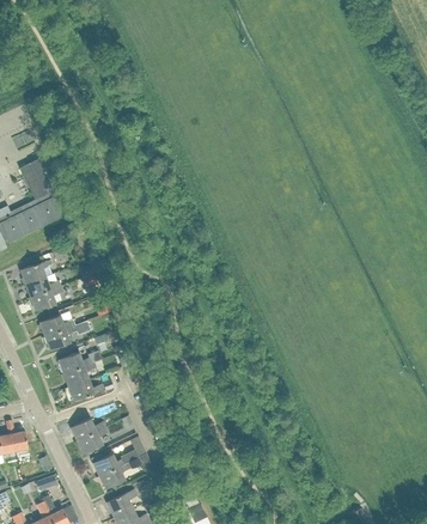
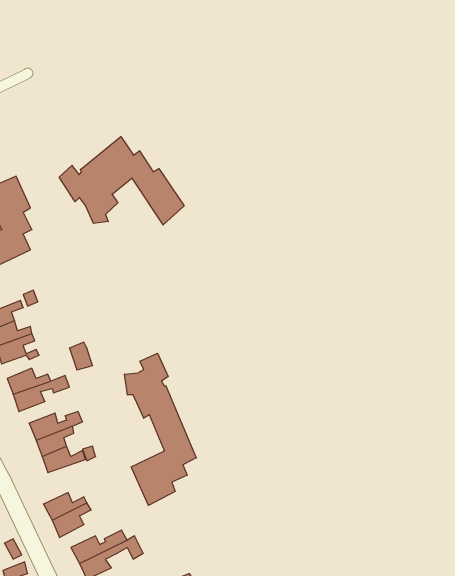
building: none -> [59,137,184,225]
building: none -> [125,353,196,505]

